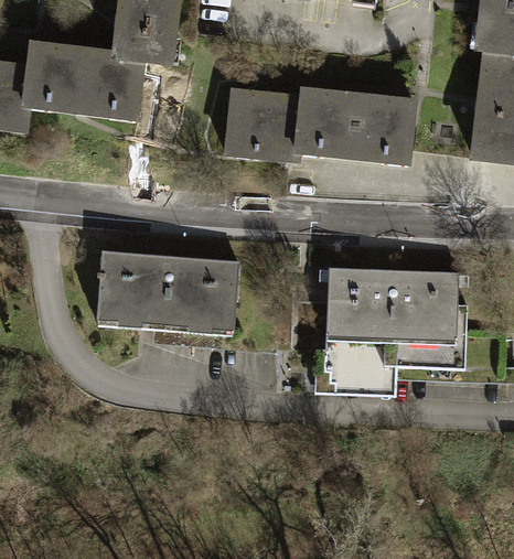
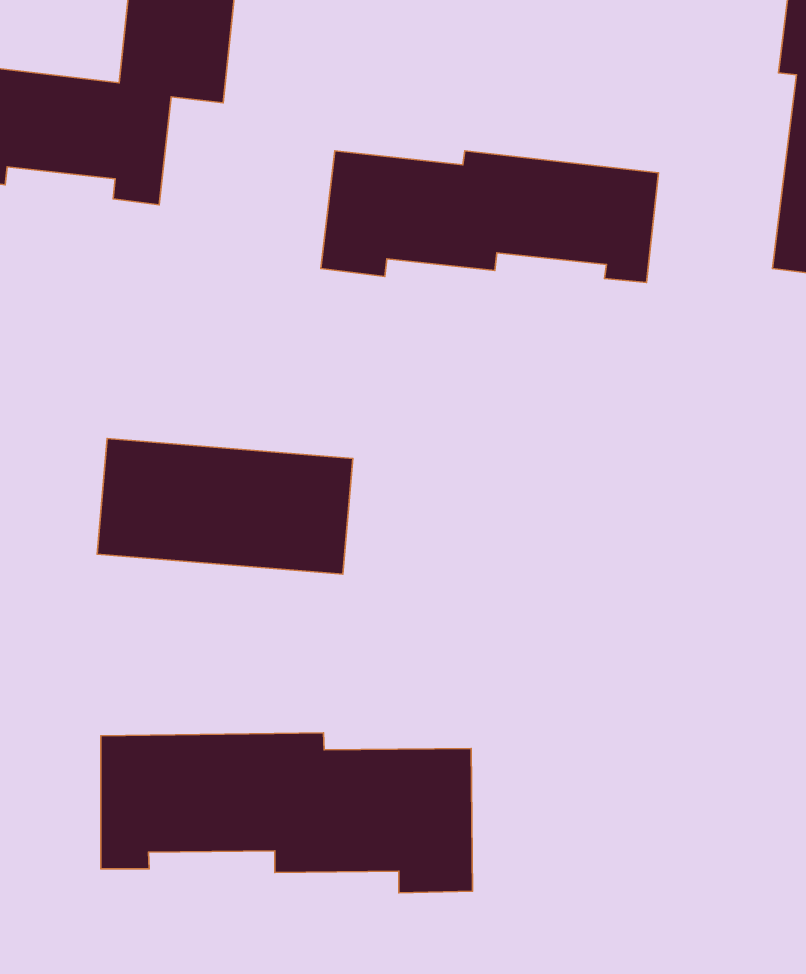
building: [326,268,470,396] -> none
building: none -> [101,733,472,893]

